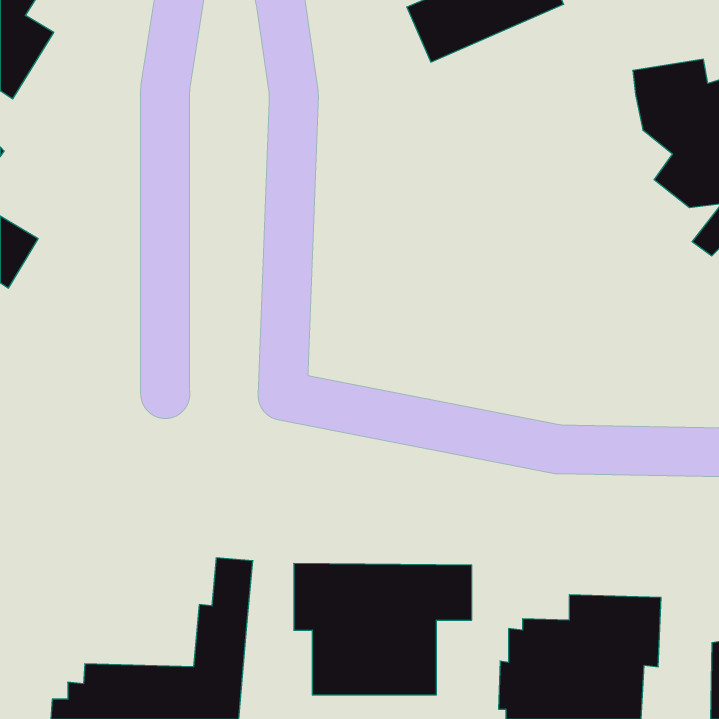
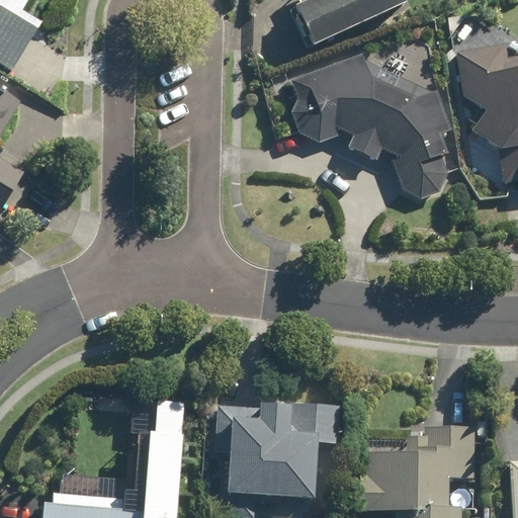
building: none -> [293,53,453,196]

